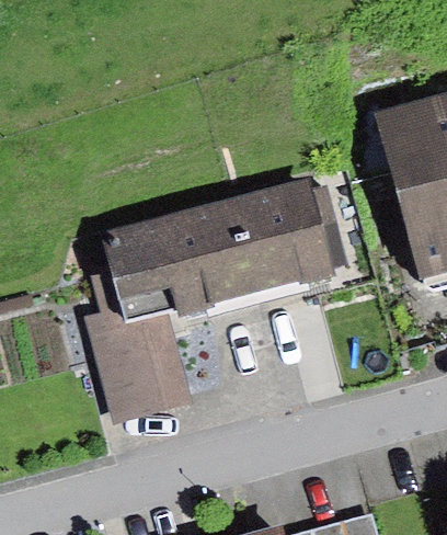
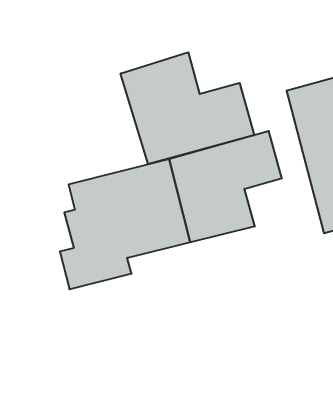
building: none -> [121,52,254,164]
building: [100,349,193,426] -> none

